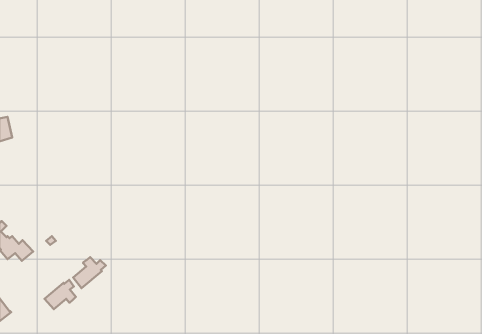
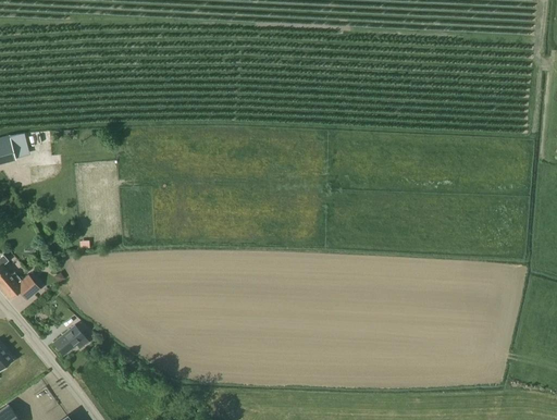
building: [73,257,106,288] -> none

